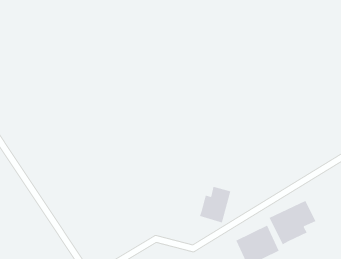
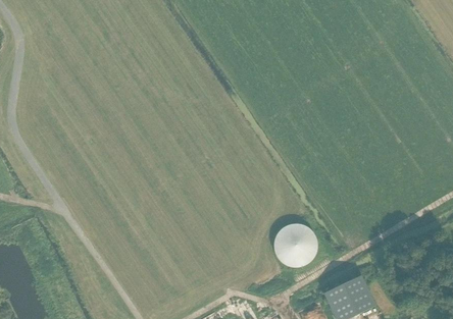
building: [269,200,316,245] -> none

